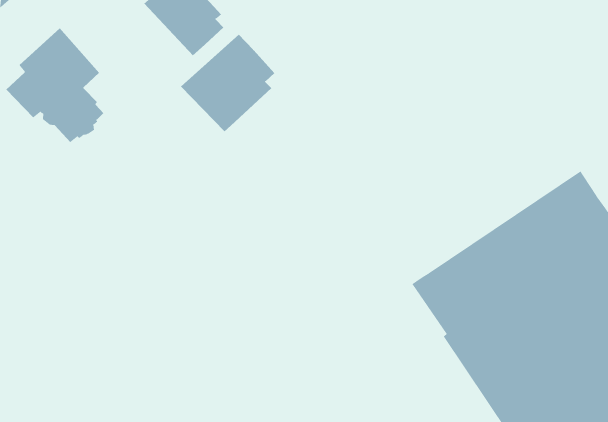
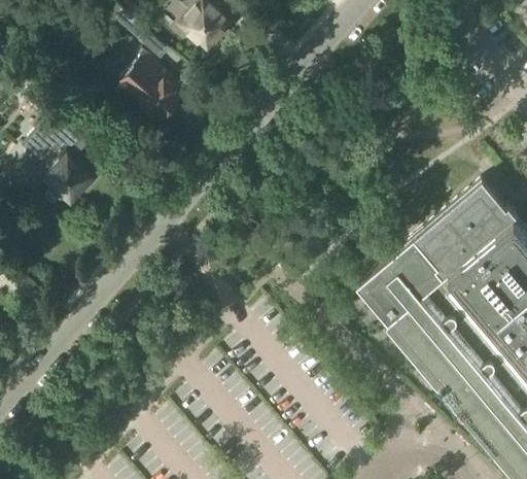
building: [180,34,275,132] -> none

